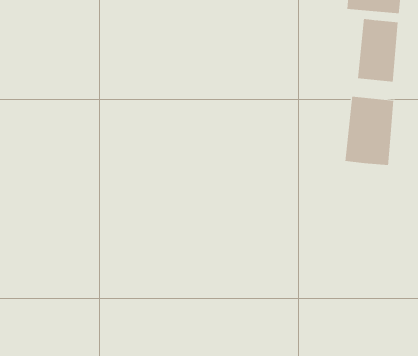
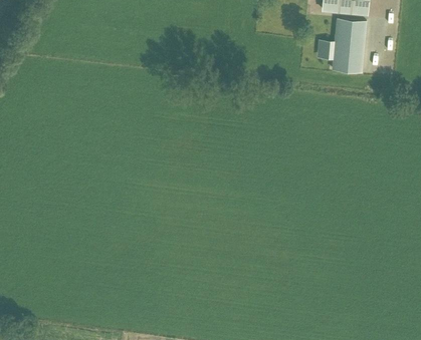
building: [345,96,394,166] -> none

